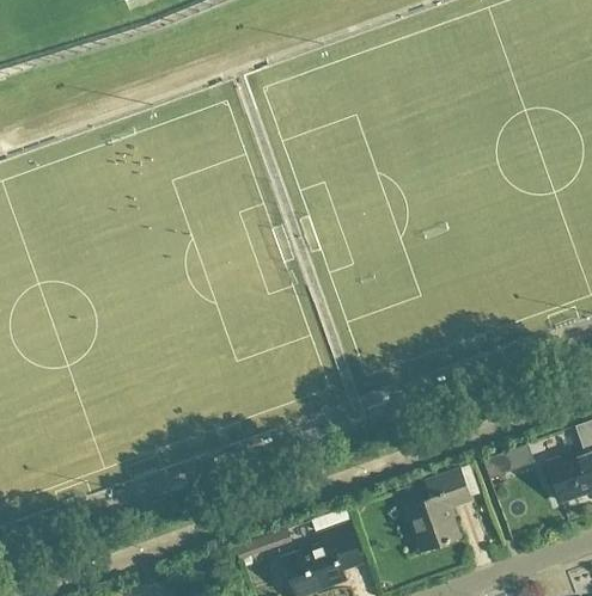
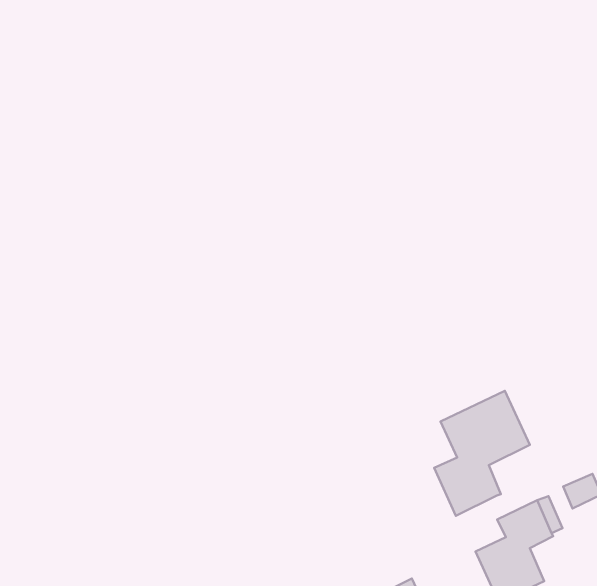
building: none -> [434,391,530,516]

